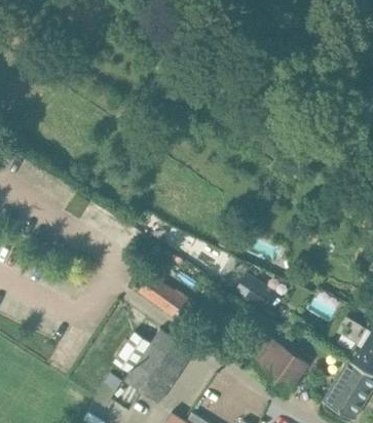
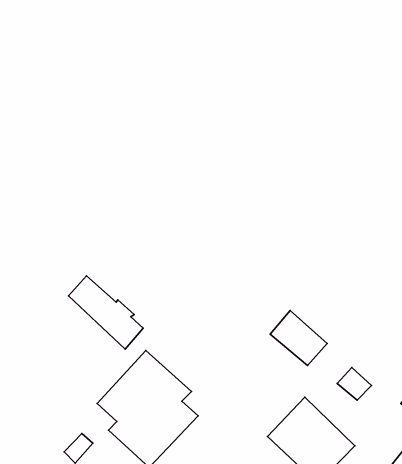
building: [139,276,197,326] -> [69,276,143,349]

